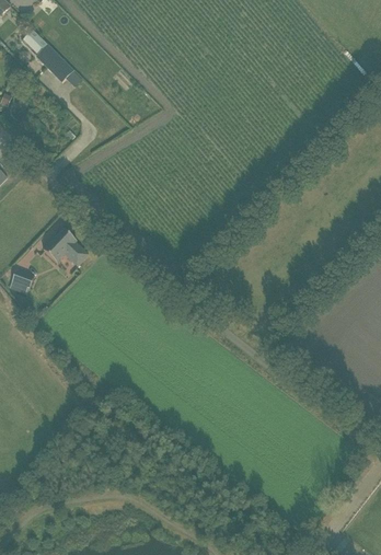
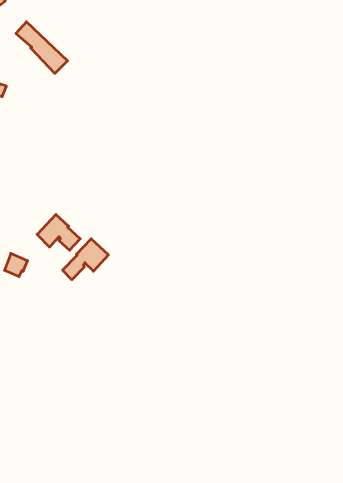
building: none -> [63,239,108,280]

